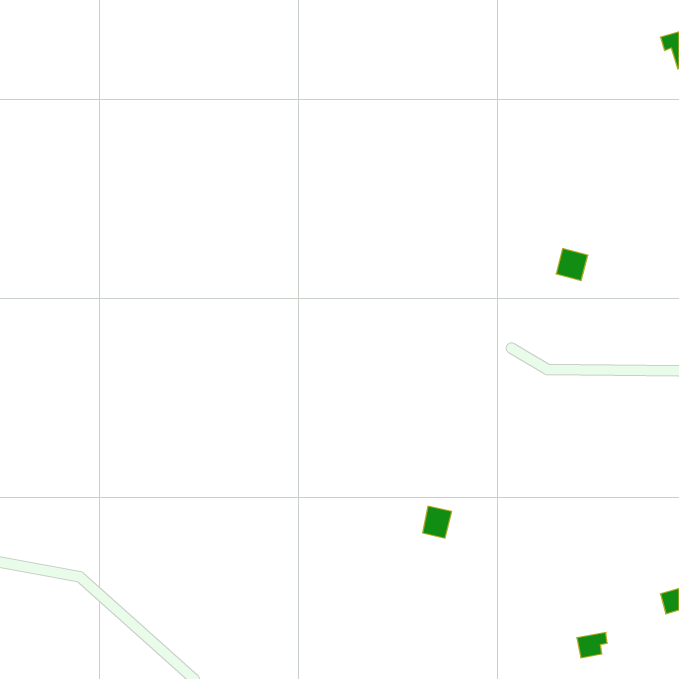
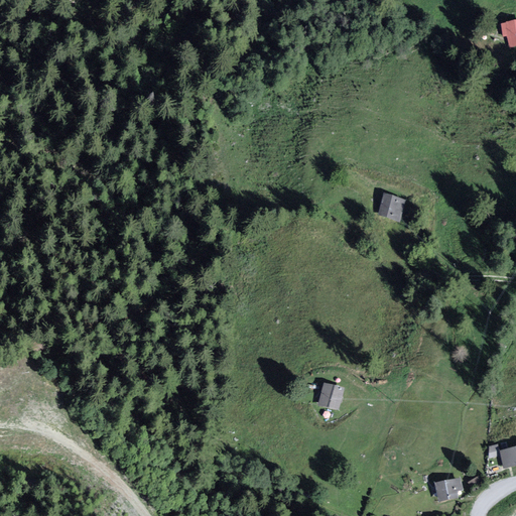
building: [556,249,588,280] -> [380,195,404,219]

